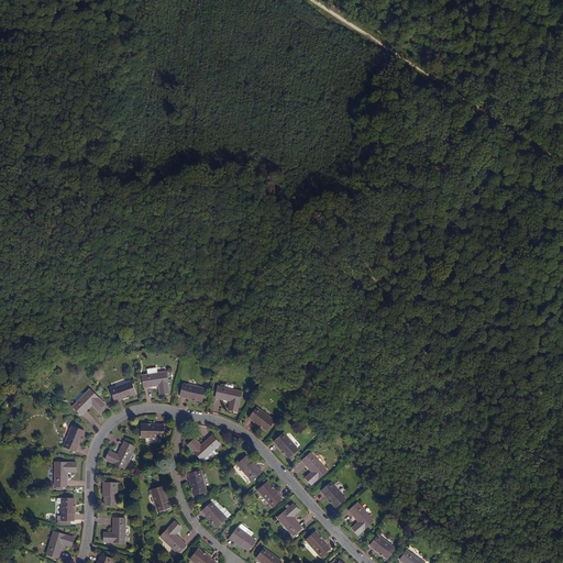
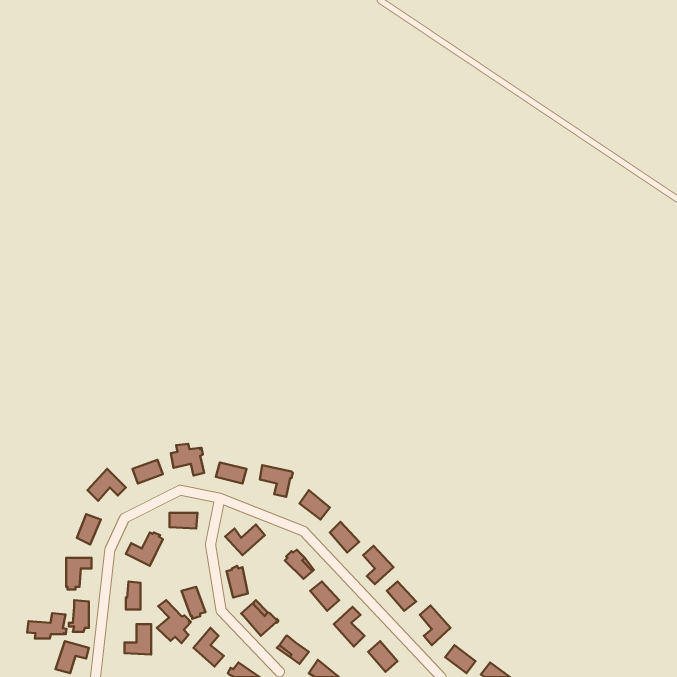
building: none -> [157,600,191,643]
building: none -> [27,613,66,638]

